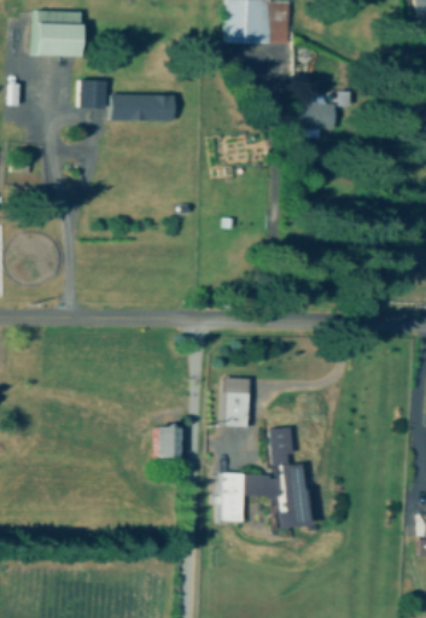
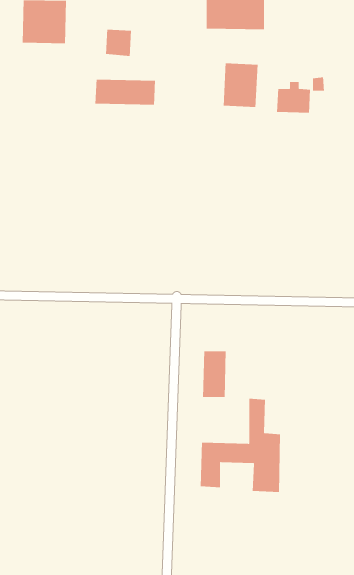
building: none -> [223,62,258,108]
building: [80,81,107,110] -> [105,29,132,57]
building: [158,425,181,456] -> none

